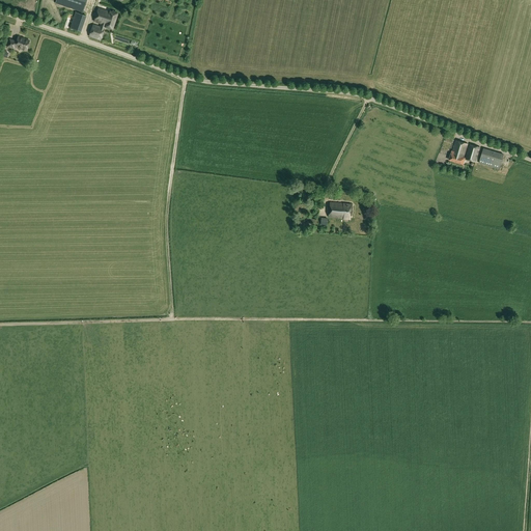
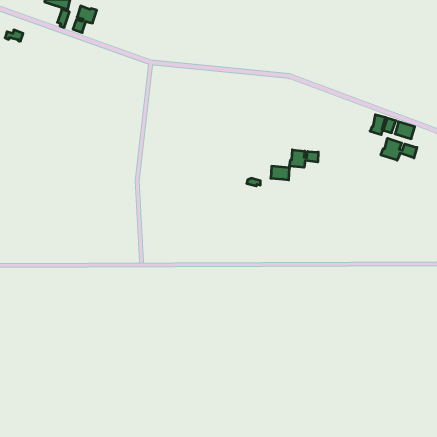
building: none -> [381,138,417,160]
building: none -> [290,150,318,167]

